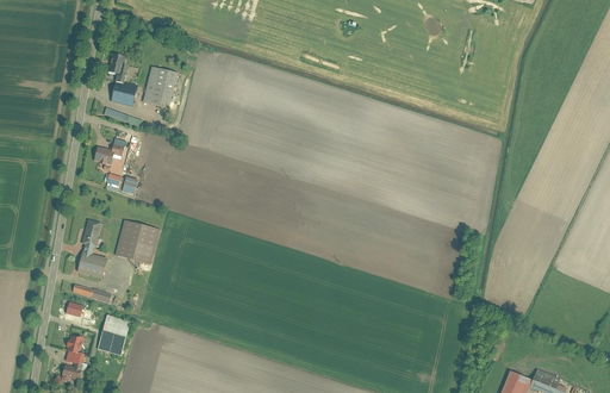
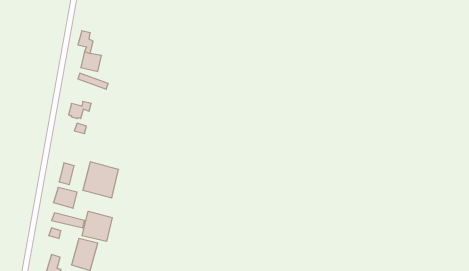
building: [142,67,176,107] -> none
building: none -> [82,211,112,241]

